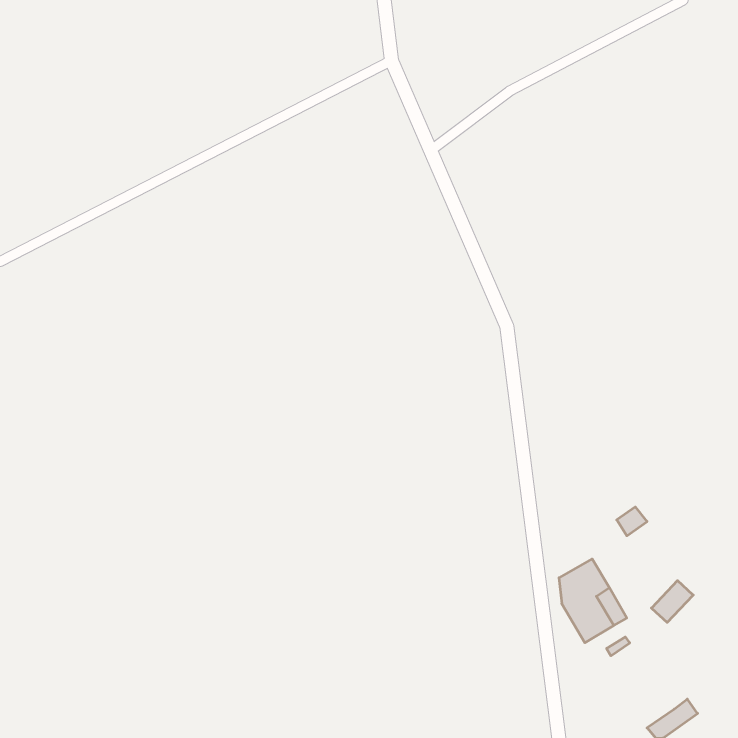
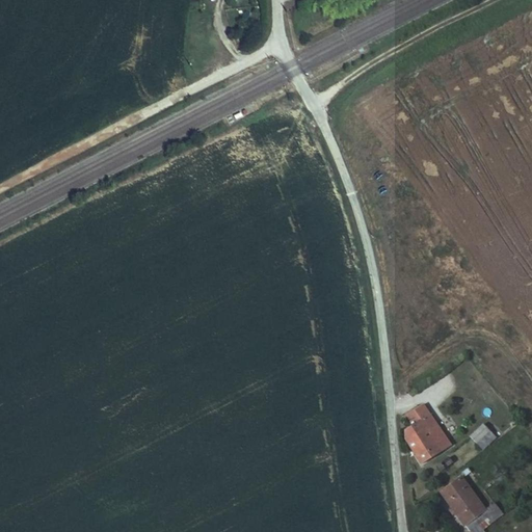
building: none -> [441,477,485,524]

